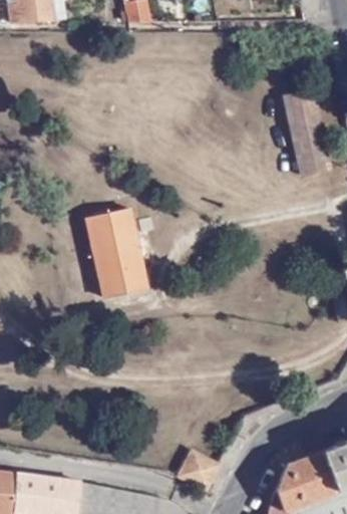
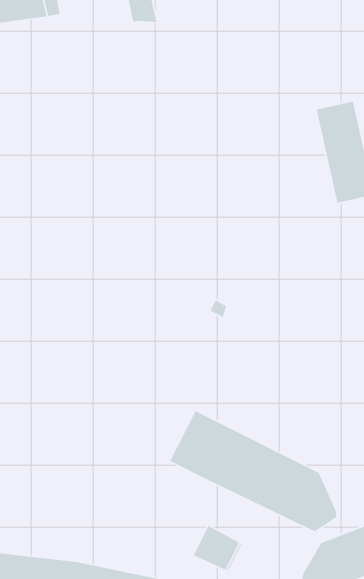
building: [86,209,148,299] -> none
building: none -> [169,410,337,532]

